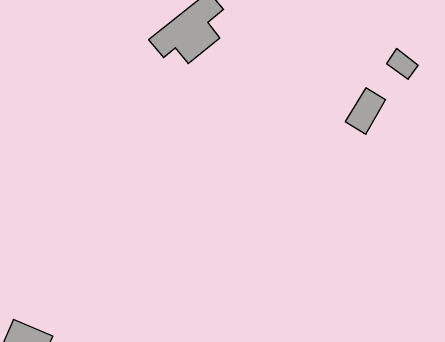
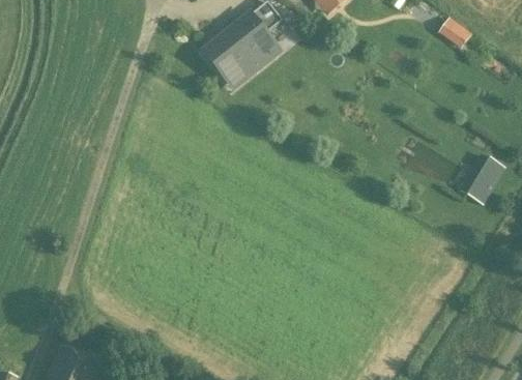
building: [387,49,418,79] -> [439,18,472,50]
building: [345,88,386,134] -> [461,153,503,202]

